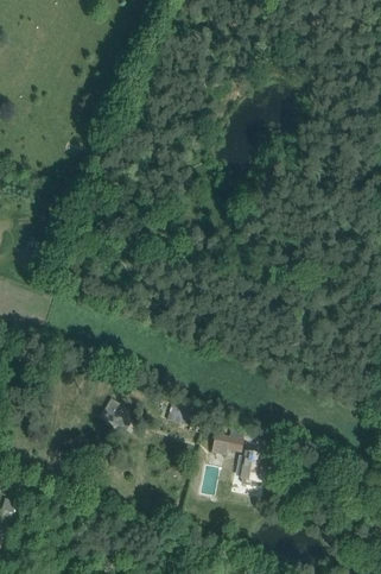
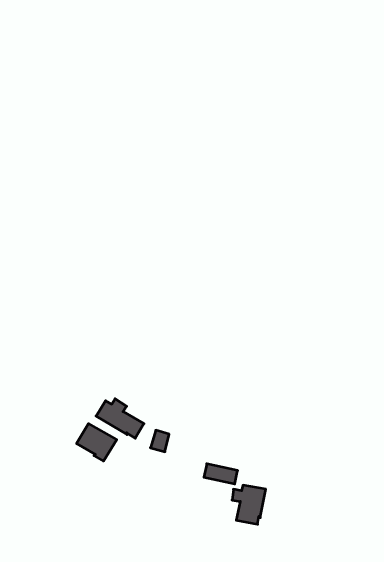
building: none -> [96,399,144,438]

